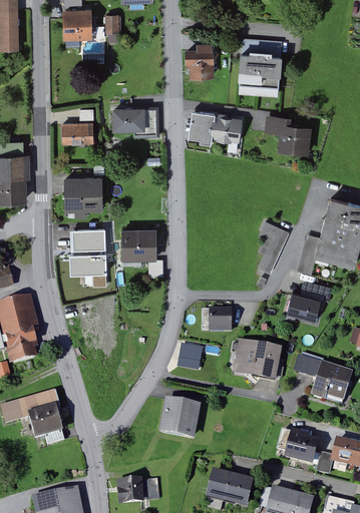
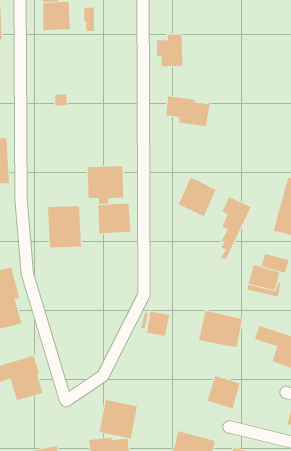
building: [238,36,282,94] -> none
building: [117,110,157,134] -> none
building: [265,113,314,155] -> none
building: [62,122,95,143] -> none
building: [65,176,105,217] -> [87,166,124,204]
building: none -> [178,177,216,217]
building: [298,233,317,273] -> none
building: [209,309,231,330] -> none
building: [156,398,199,440] -> [99,400,138,439]
building: [282,428,318,464] -> [207,376,241,409]

